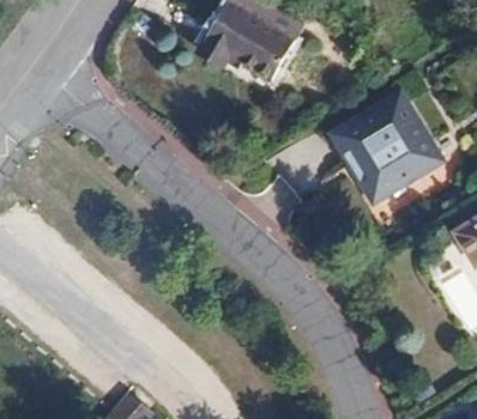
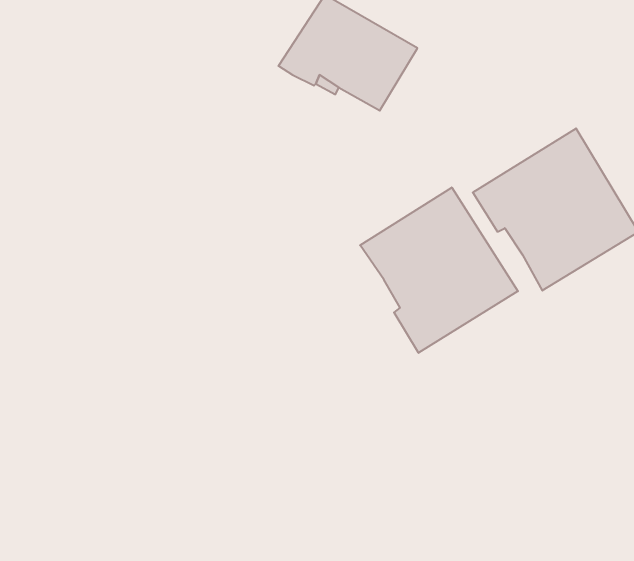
building: none -> [360,187,518,353]

